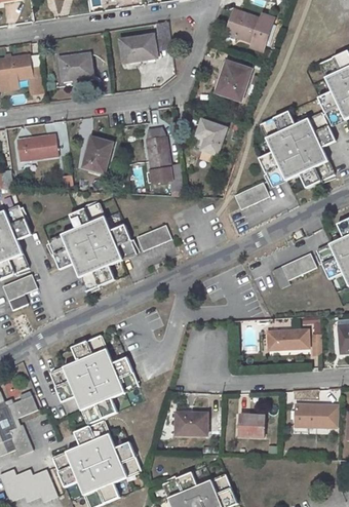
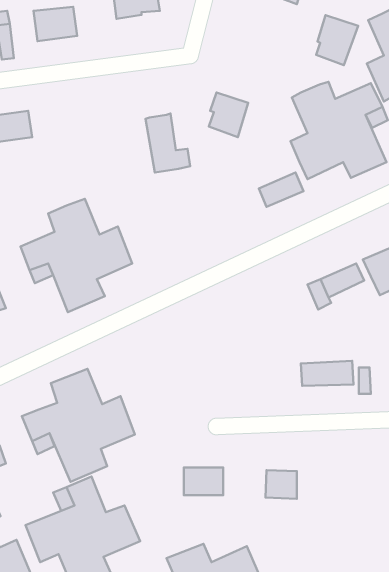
building: [219,62,251,101] -> [316,15,358,65]
building: [83,136,112,171] -> none
building: [137,224,170,250] -> none
building: [295,404,324,427] -> none

